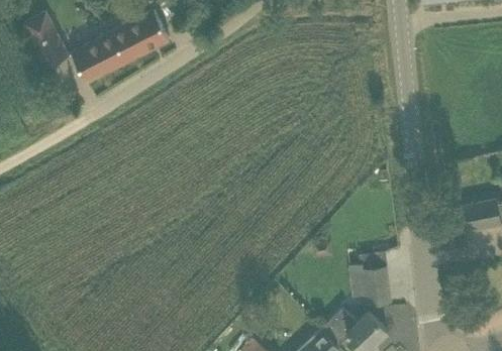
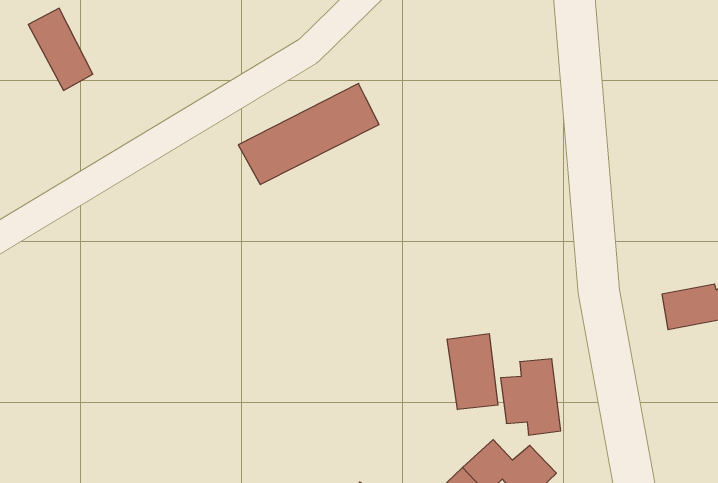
building: [73,13,170,83] -> [238,83,379,185]
building: none -> [447,334,498,410]

